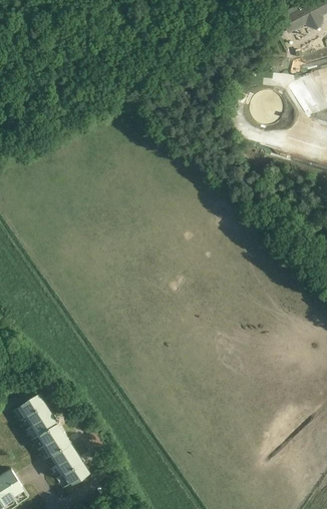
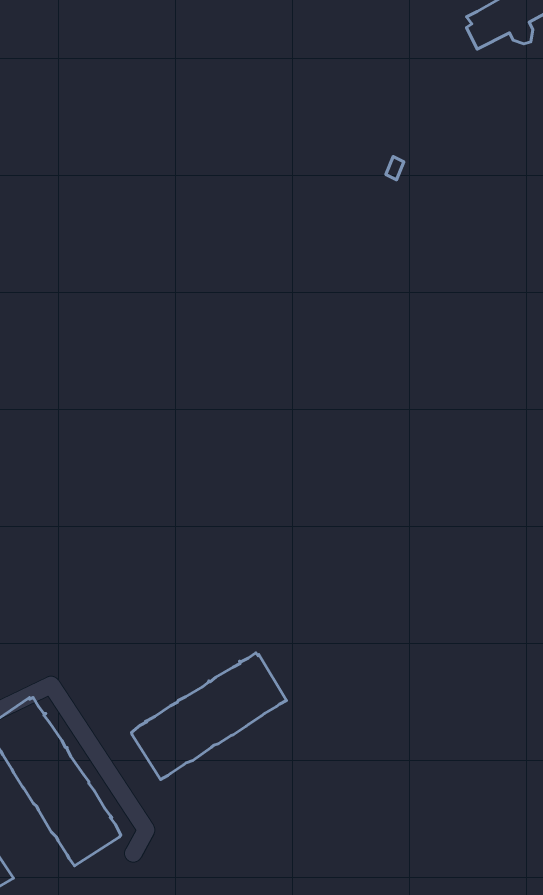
building: none -> [131,653,287,779]

